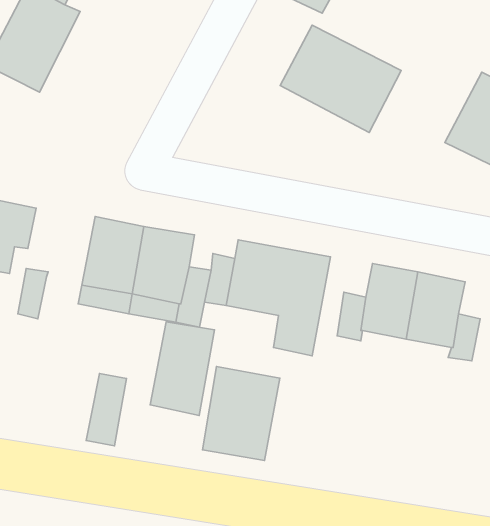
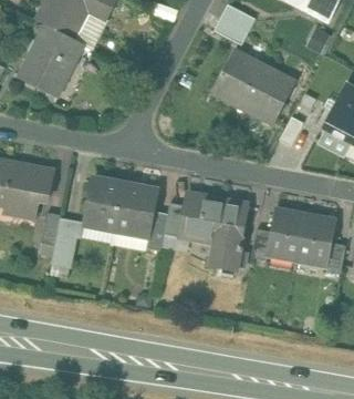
building: [150,322,215,416] -> none
building: [202,367,280,460] -> none
building: [86,373,126,446] -> [51,217,77,265]

